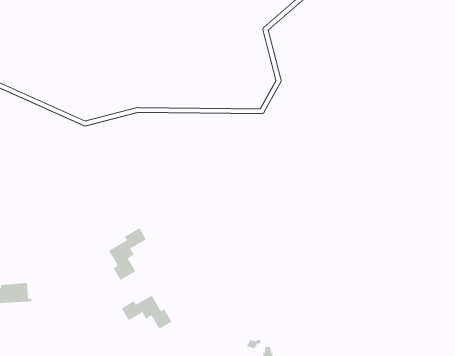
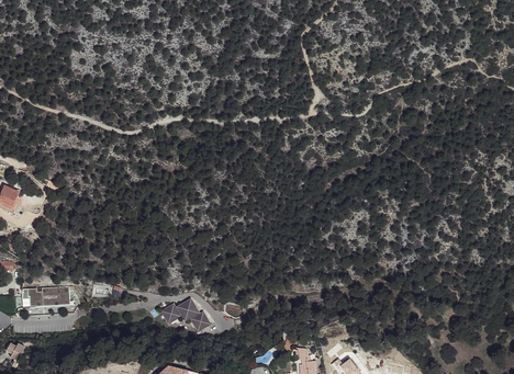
building: [108,227,146,281] -> none

